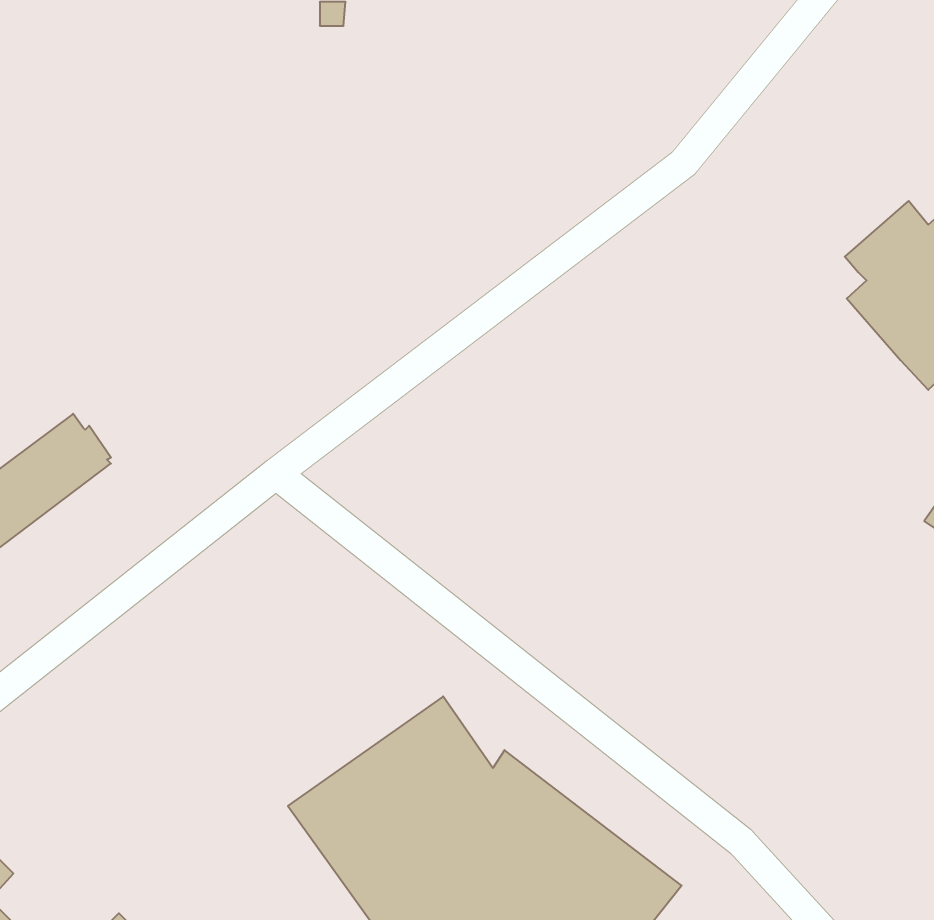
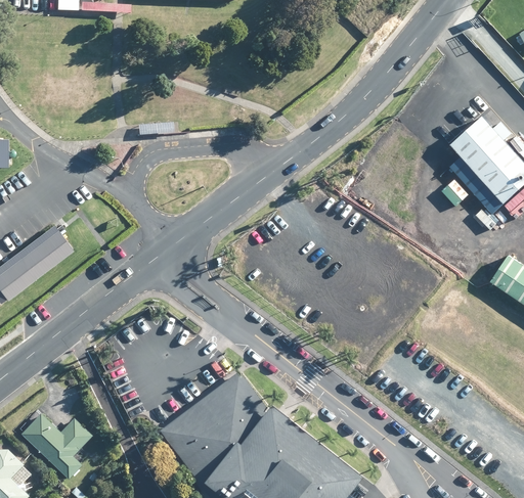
building: none -> [19,412,89,477]

